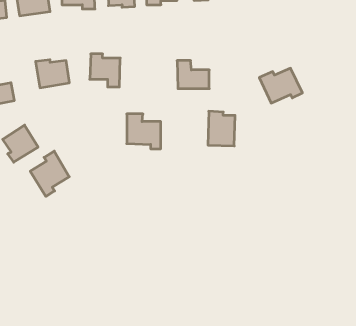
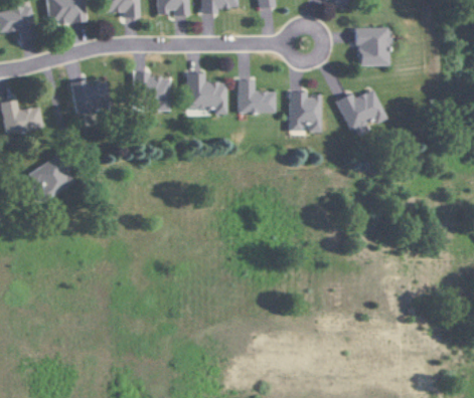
building: none -> [356,27,389,66]
building: [208,111,235,146] -> [289,90,321,132]
building: [127,114,161,149] -> [186,72,226,114]
building: [30,151,69,196] -> none

